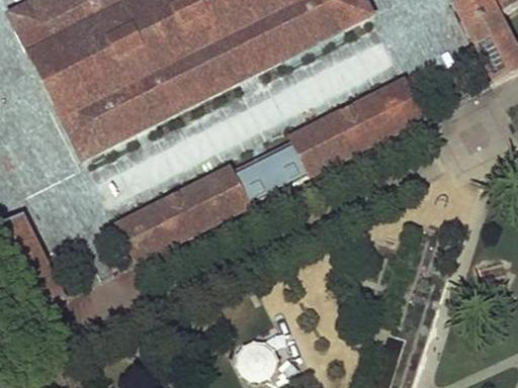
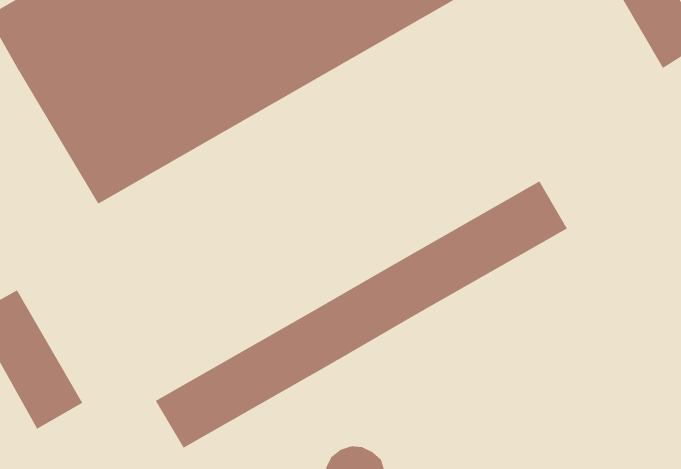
building: [119,81,422,259] -> [155,181,568,449]

